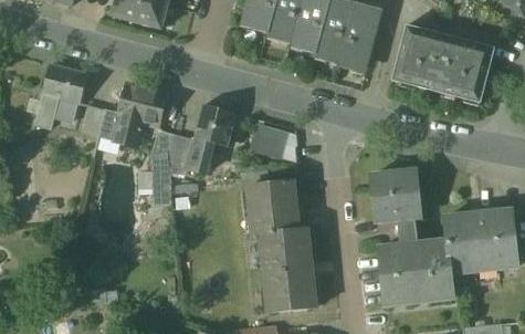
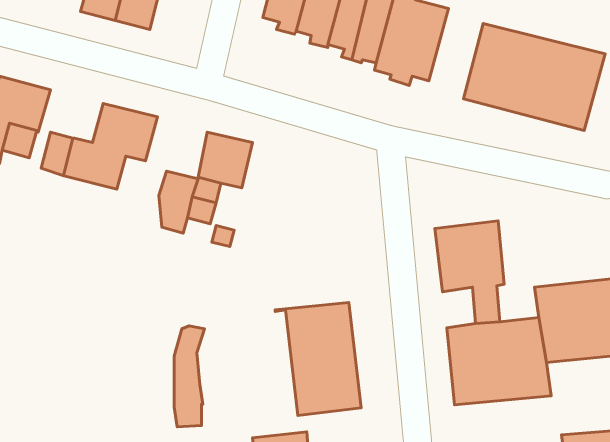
building: [243,119,297,157] -> none
building: [151,131,174,205] -> [174,326,204,427]
building: [248,180,307,234] -> none

